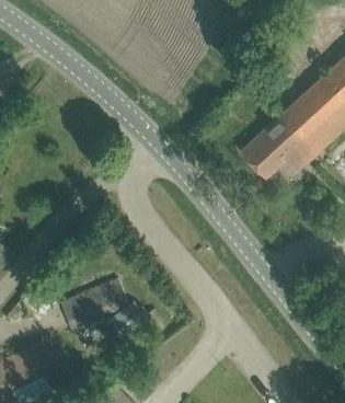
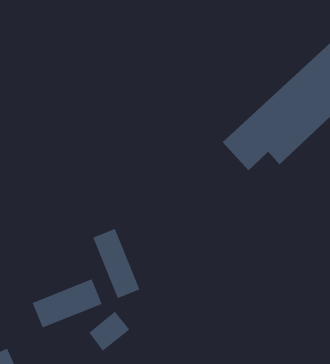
building: none -> [93,228,140,299]

